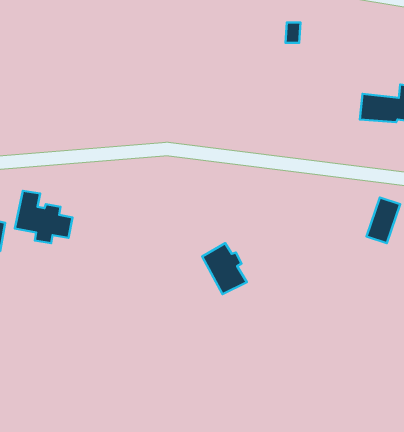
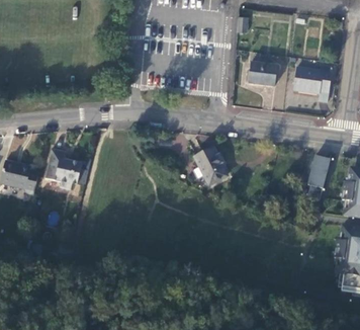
building: none -> [251,66,278,87]
building: [202,243,247,294] -> [191,143,224,181]

